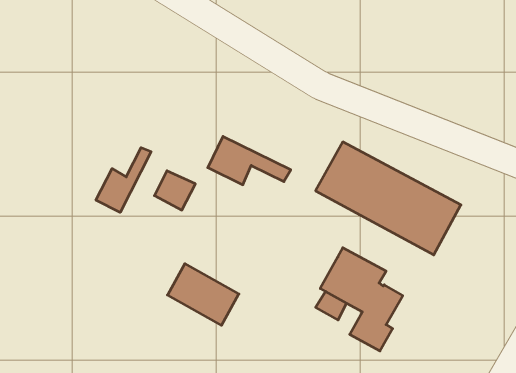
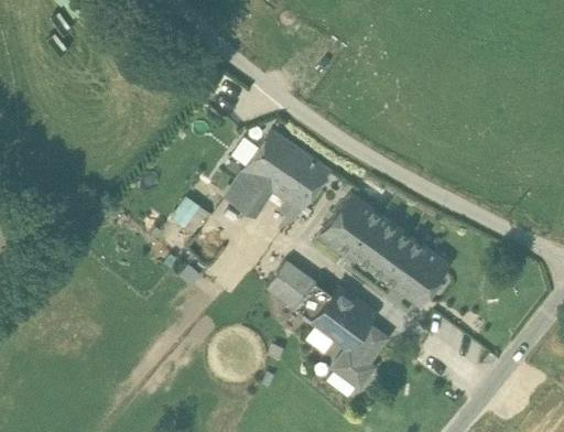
building: none -> [242,130,328,212]
building: [96,148,151,212] -> none
building: [167,264,239,325] -> [267,262,332,323]

